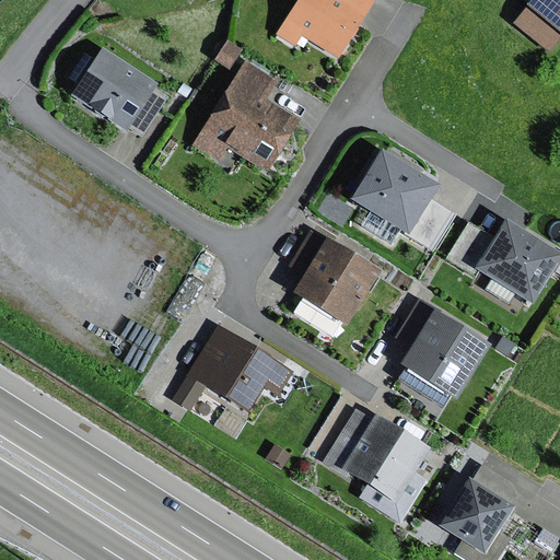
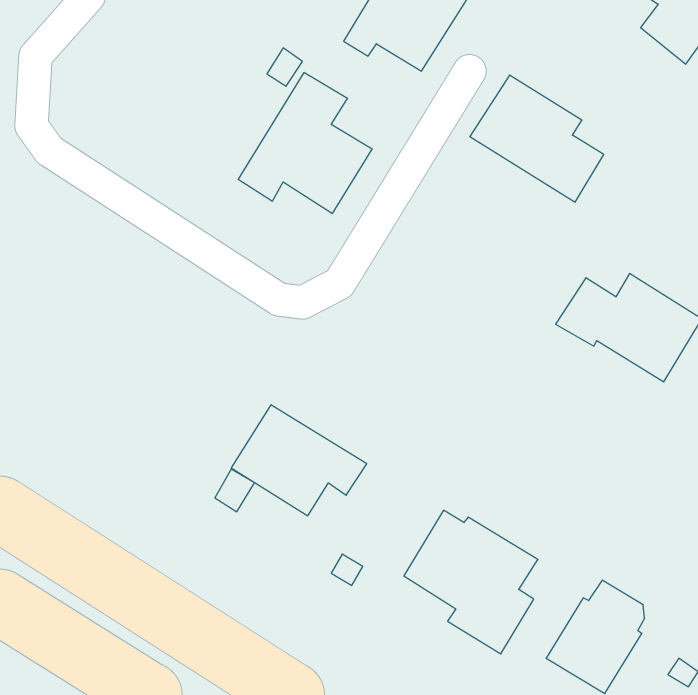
building: [71,47,168,136] -> none
building: [349,150,456,252] -> [470,75,604,202]
building: [288,228,381,326] -> none
building: [395,301,490,400] -> none

